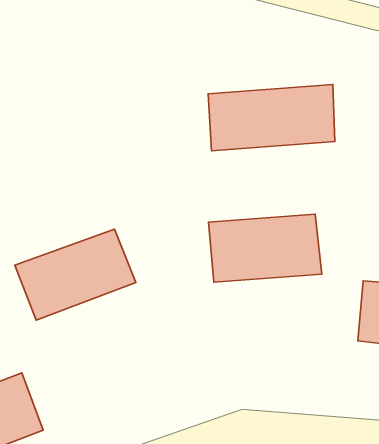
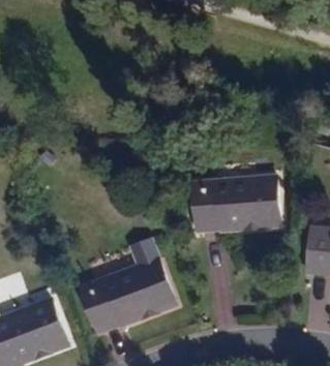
building: [208,84,335,151] -> none
building: [15,229,136,320] -> [80,261,174,331]

